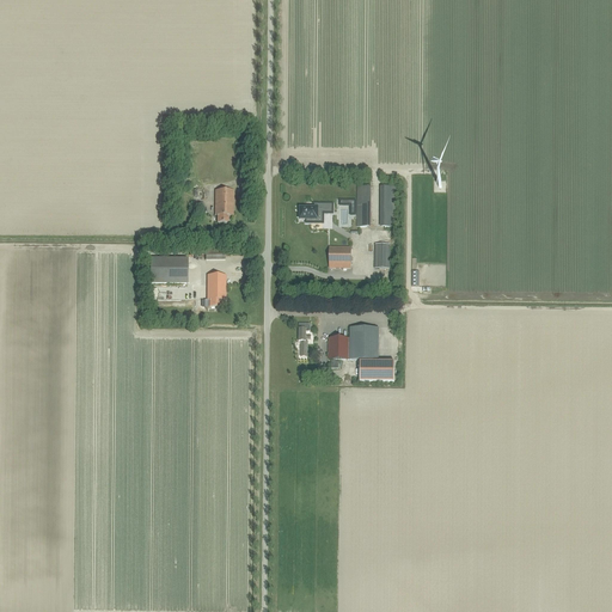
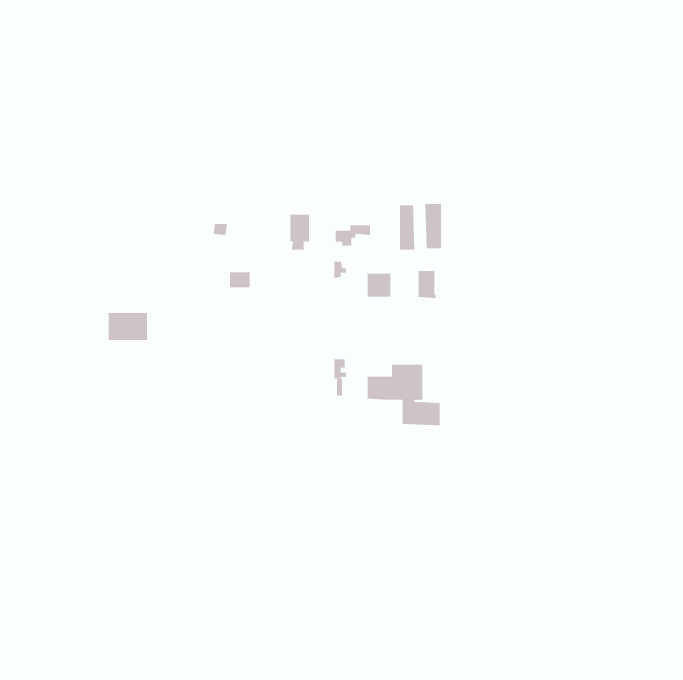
building: [214,188,232,220] -> [290,214,310,250]
building: [149,256,185,281] -> [108,312,148,340]
building: [206,273,225,305] -> none

